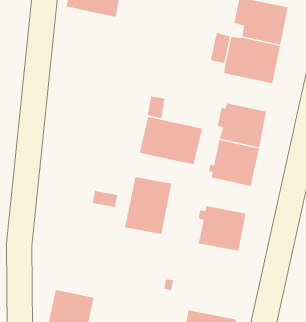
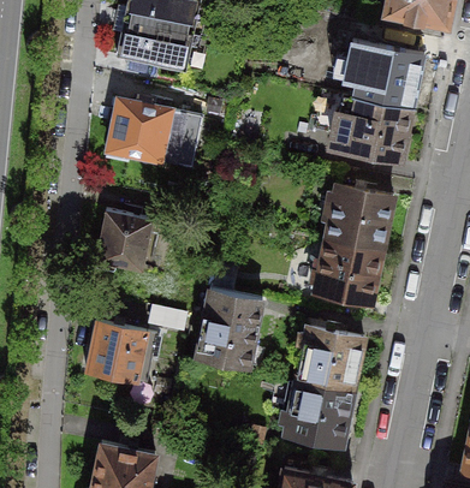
building: none -> [107,99,202,167]
building: [139,116,203,165] -> none
building: none -> [97,210,153,270]
building: none -> [88,325,157,380]
building: none -> [279,380,353,442]

